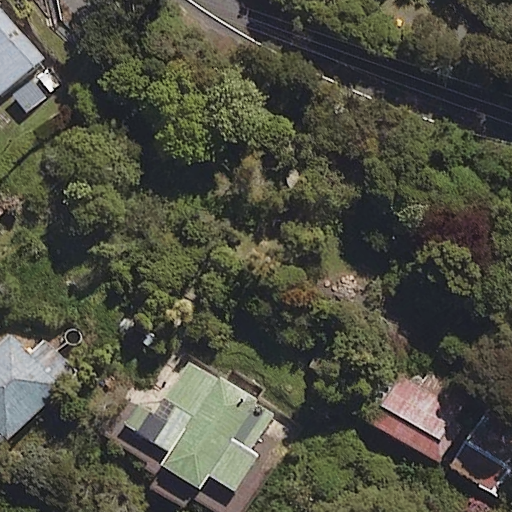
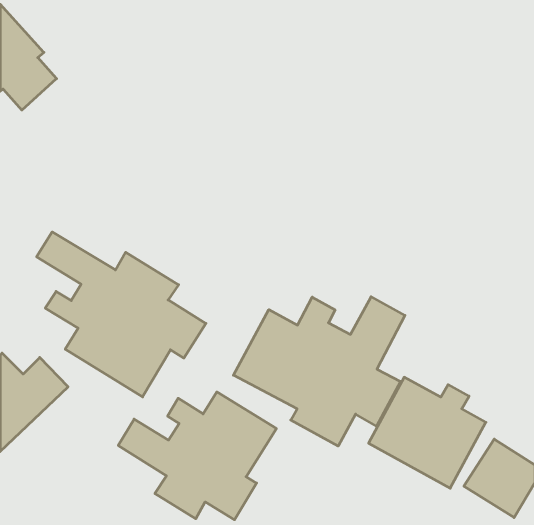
building: none -> [37,232,206,397]
building: none -> [233,297,405,446]

